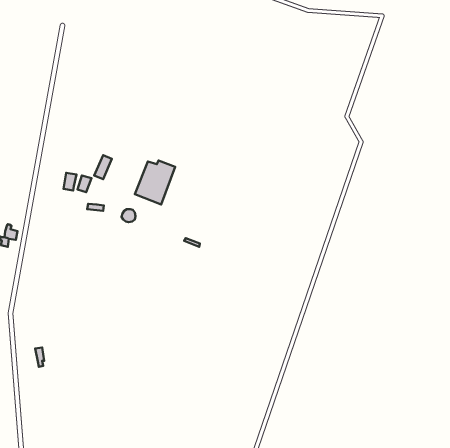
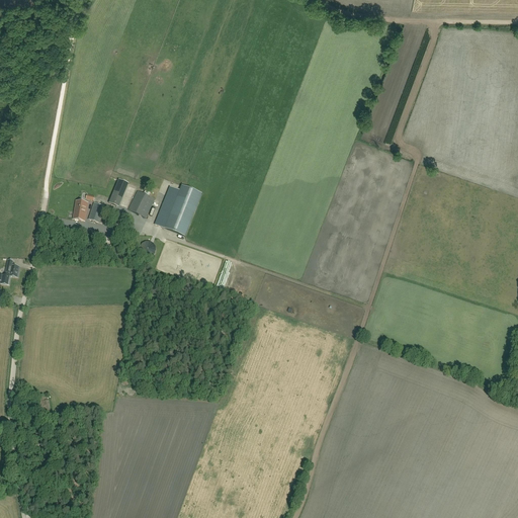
building: none -> [127,187,153,217]

